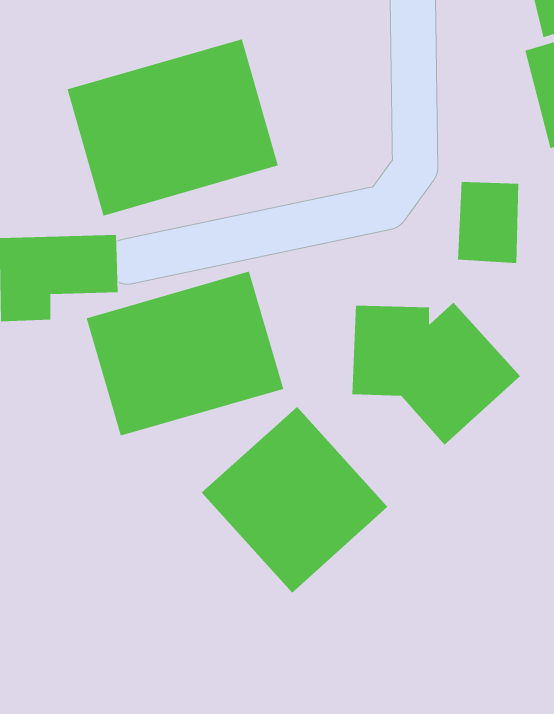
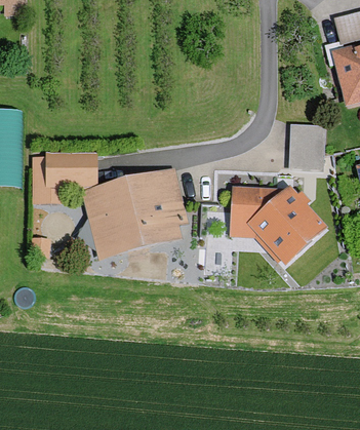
building: [67,38,279,217] -> none
building: [201,406,388,593] -> none

